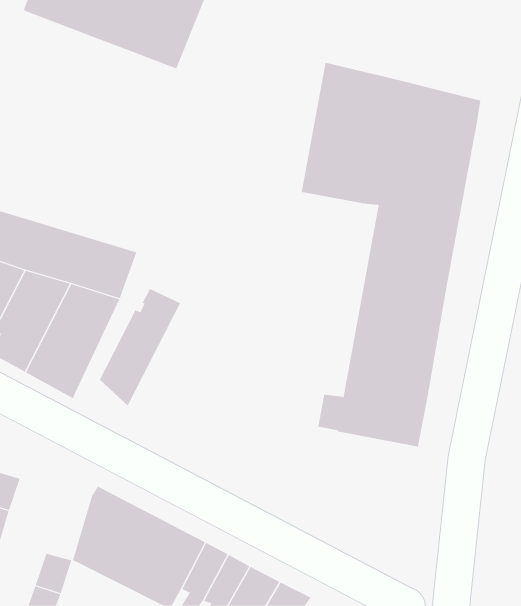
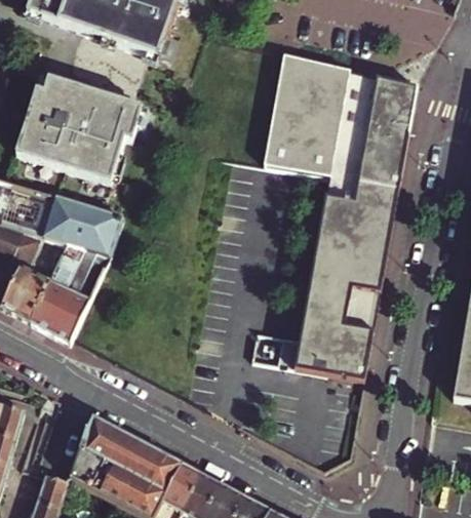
building: none -> [22,75,145,177]
building: [99,288,181,406] -> none

